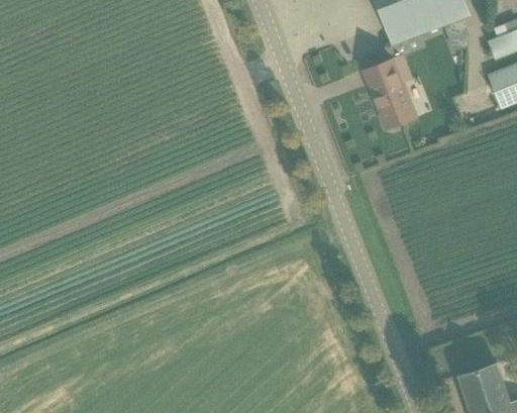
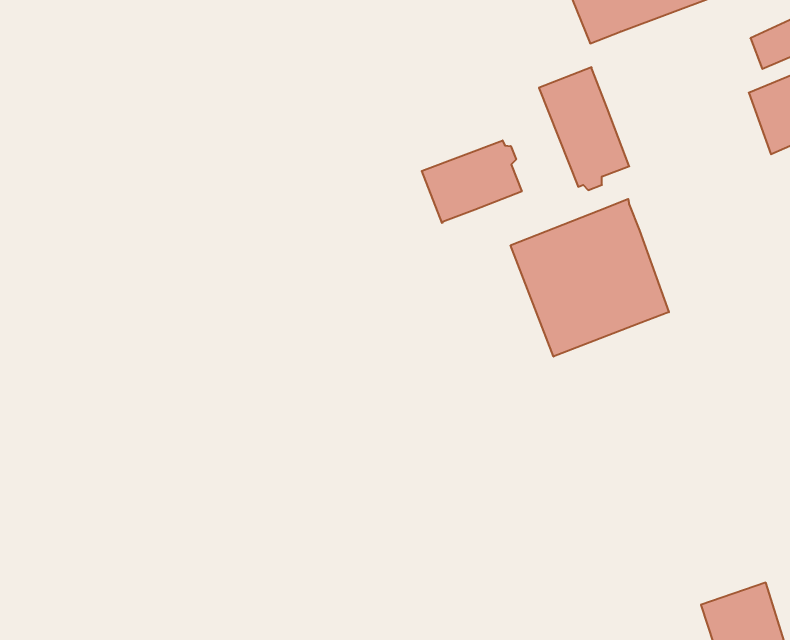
building: none -> [422,140,522,223]
building: none -> [511,199,669,357]

